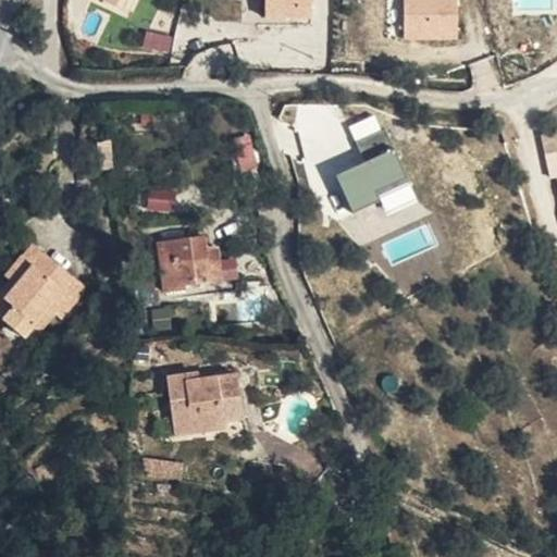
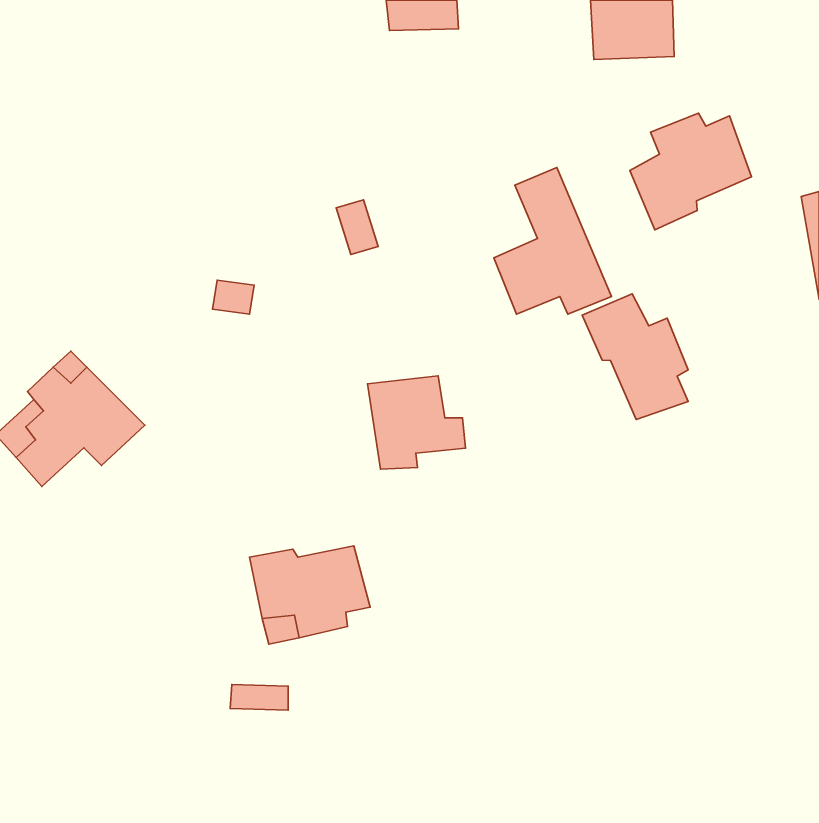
building: none -> [630,113,752,230]
building: none -> [582,294,688,420]
building: [158,235,224,298] -> [368,376,466,469]

